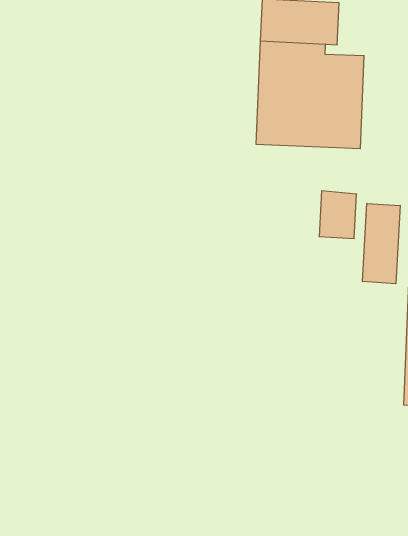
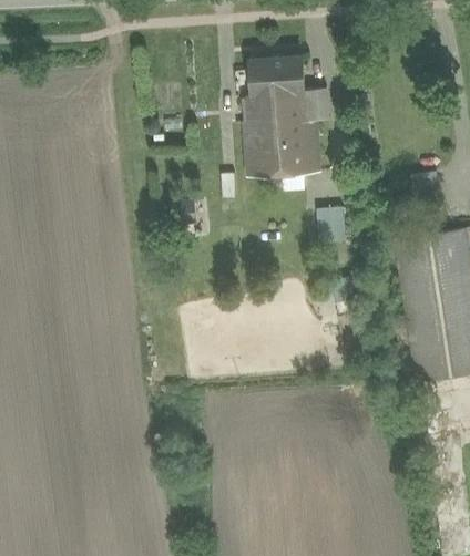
building: [363,203,400,284] -> none

